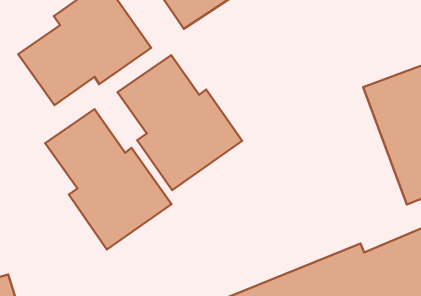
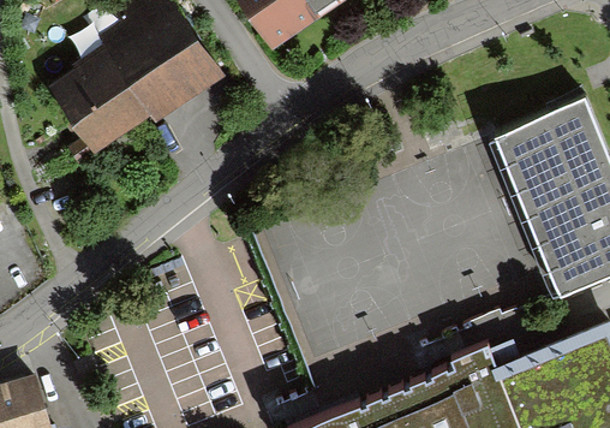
building: [117,55,242,190] -> none
building: [45,109,171,250] -> none

